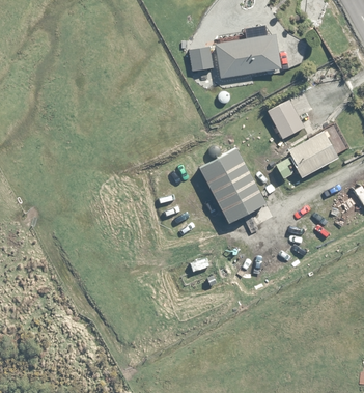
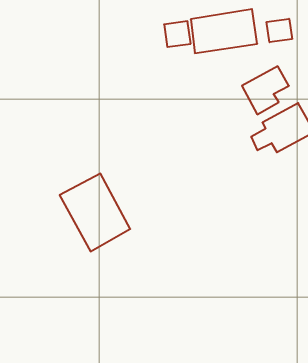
building: none -> [267,19,292,42]
building: [194,145,265,224] -> [60,174,130,251]

